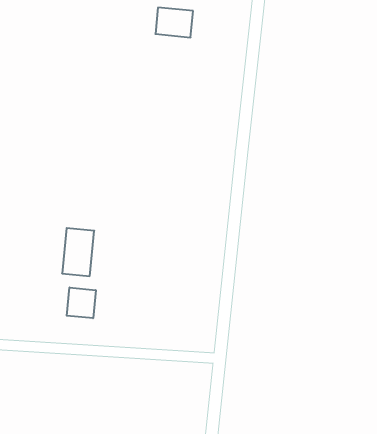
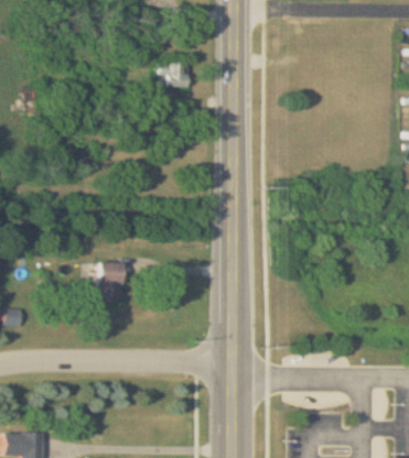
building: [67,287,96,318] -> none

